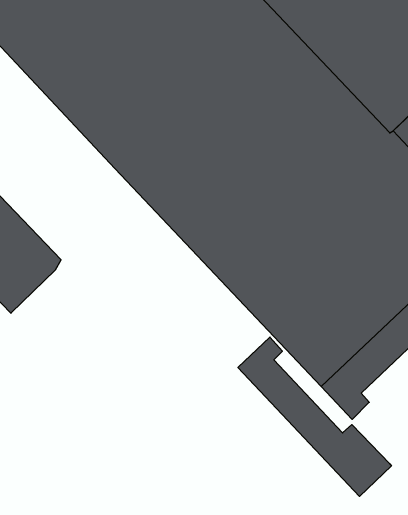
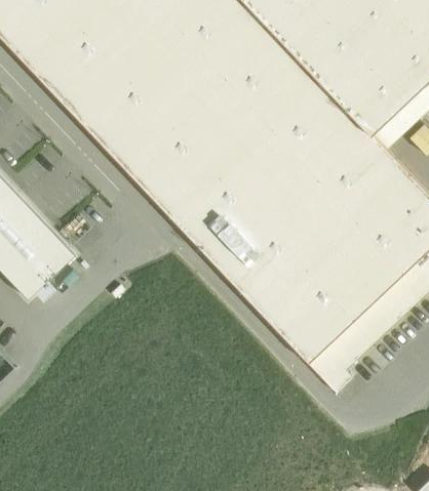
building: [238,337,391,496] -> none

